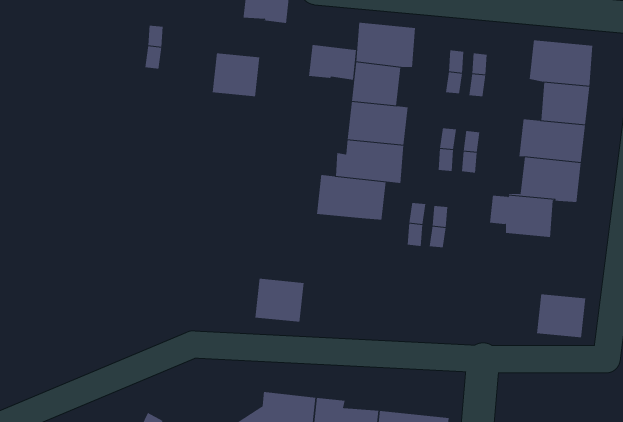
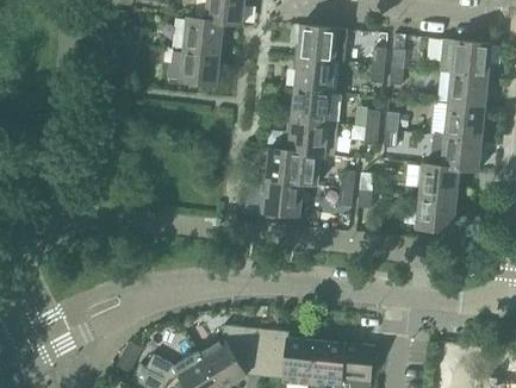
building: none -> [184,18,223,54]
building: [308,44,357,80] -> none
building: [255,278,304,322] -> [261,181,301,217]
building: [536,294,586,338] -> [415,196,455,232]

